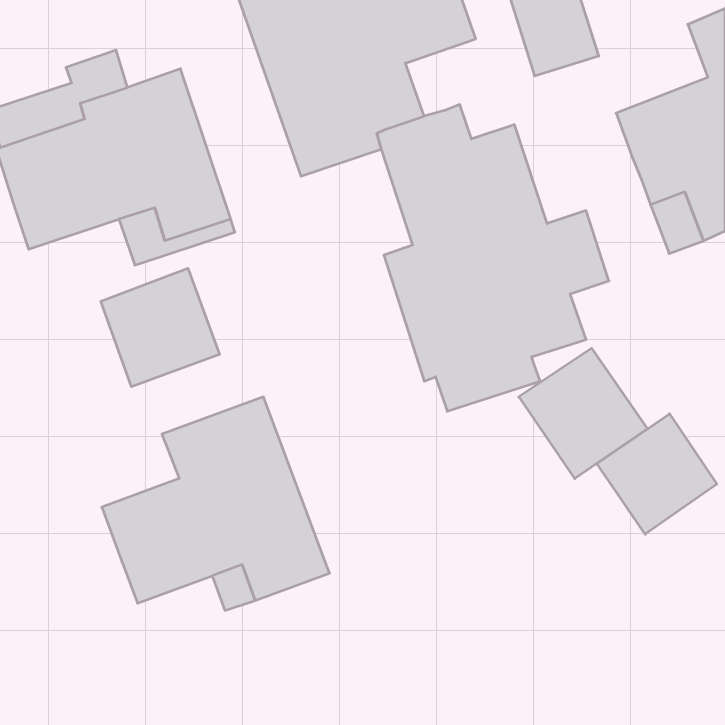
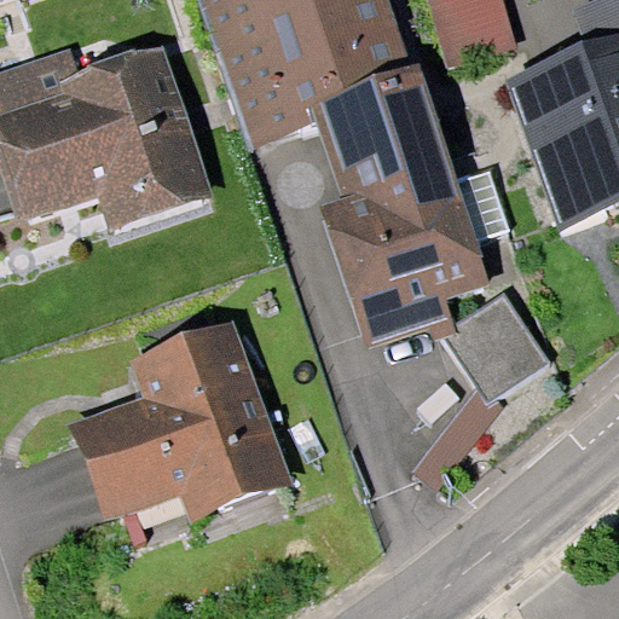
building: [101,268,220,387] -> none
building: [597,414,717,534] -> none

